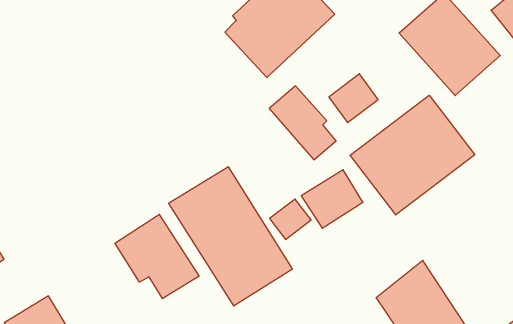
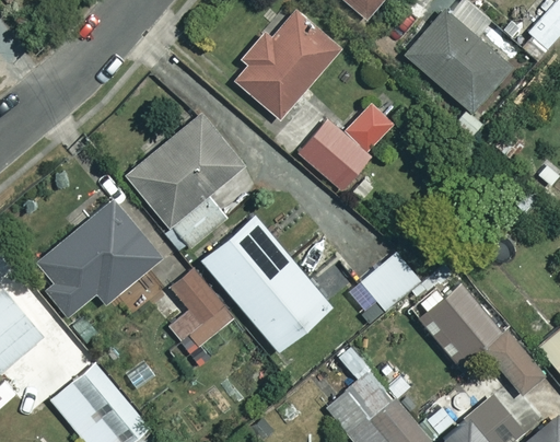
building: none -> [124,112,262,247]
building: [350,95,475,215] -> none
building: none -> [38,201,160,317]
building: [301,170,363,228] -> [360,251,422,312]

